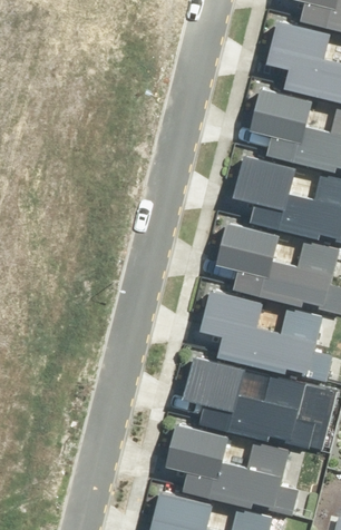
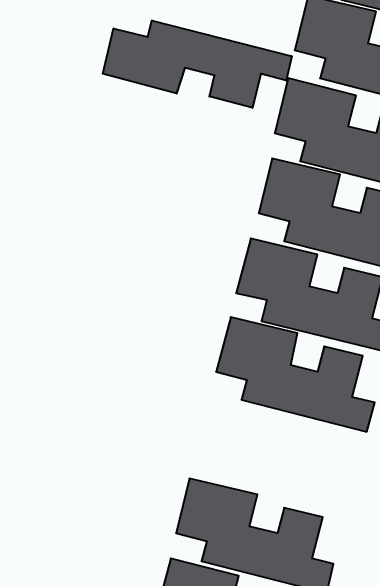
building: none -> [103,20,292,108]
building: [181,353,313,448] -> none

